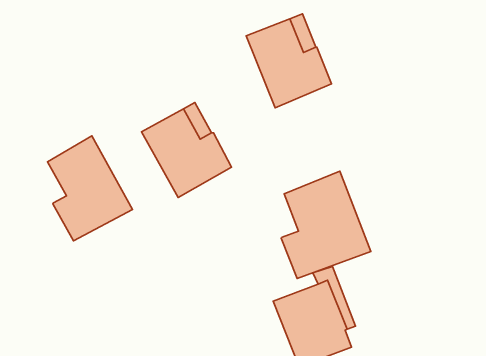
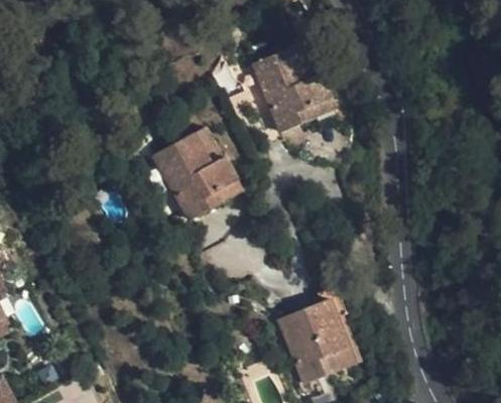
building: [48,136,132,241] -> none
building: [281,171,371,279] -> none

